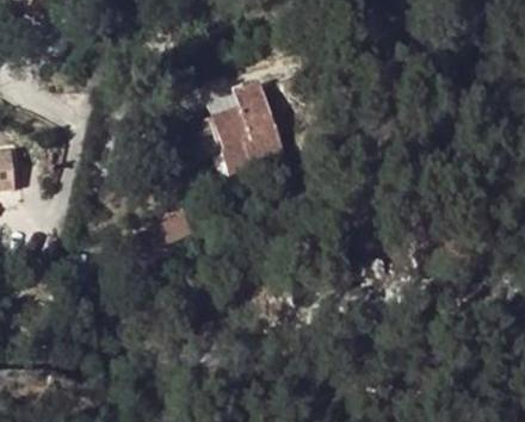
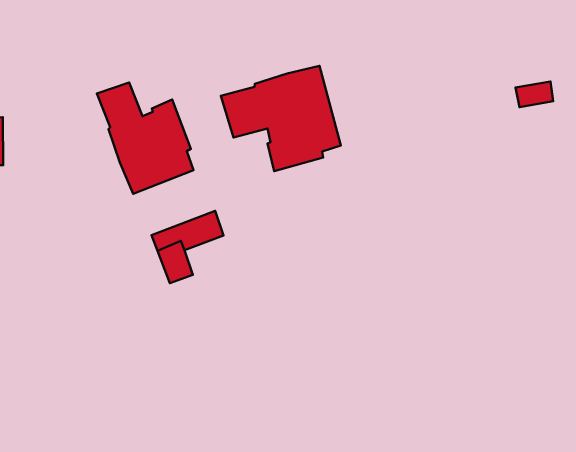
building: none -> [97,83,193,194]

